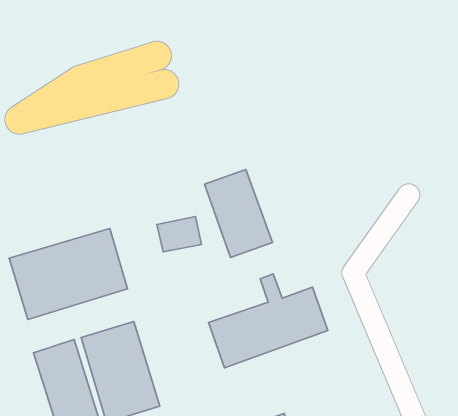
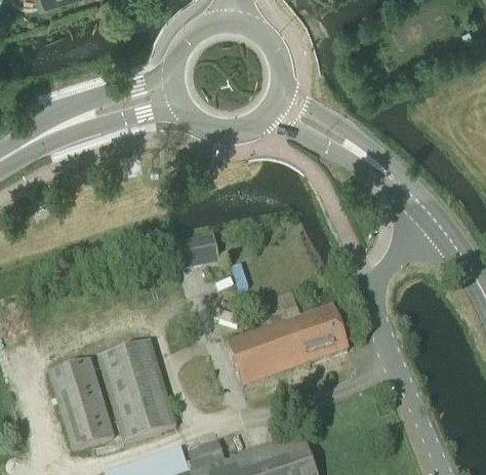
building: [205,169,273,258] -> none
building: [9,229,128,319] -> none

